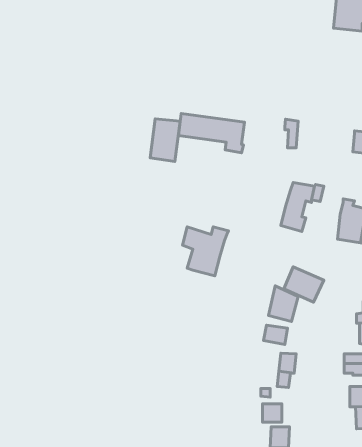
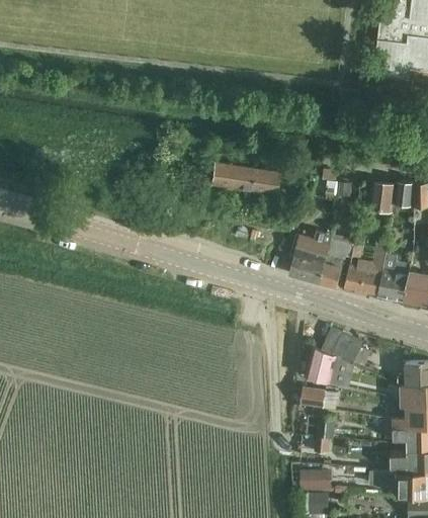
building: [150,119,180,161] -> none
building: none -> [369,181,397,212]
building: none -> [344,239,388,295]
building: [182,227,228,276] -> [284,230,333,281]

